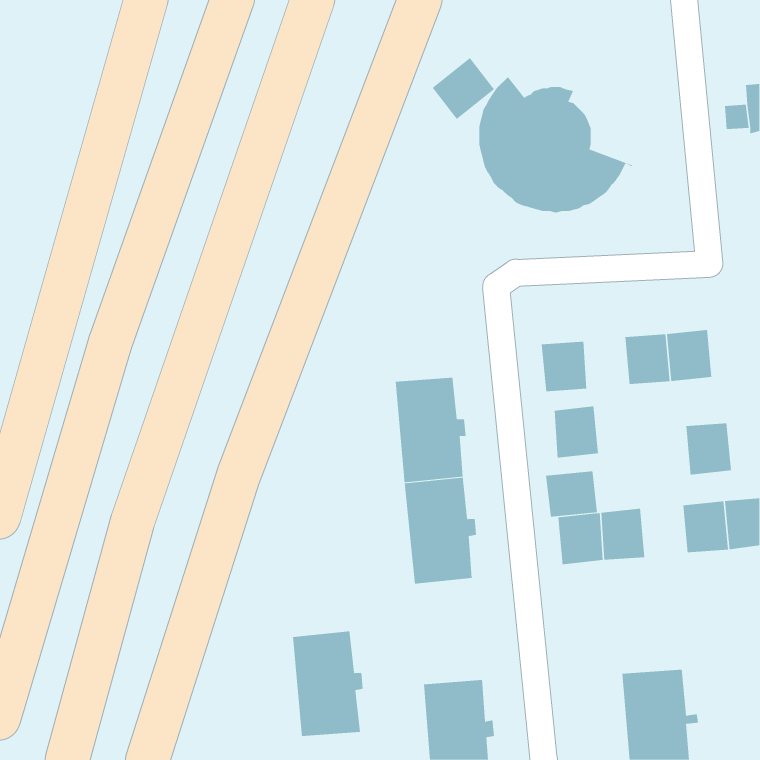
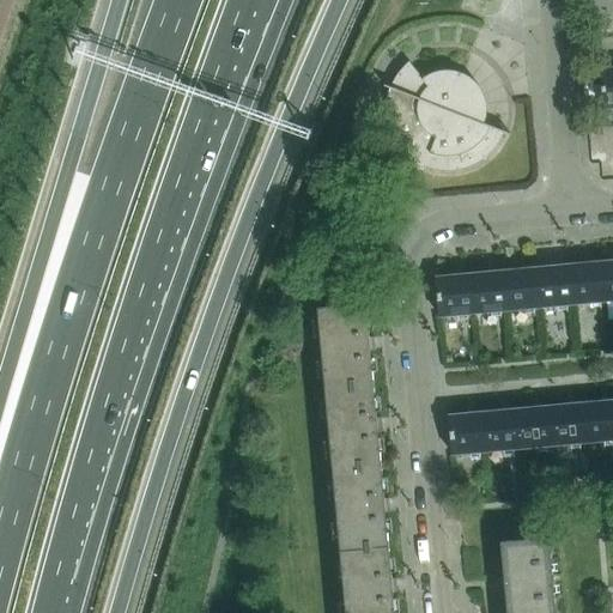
building: [432,57,495,120] -> none
building: none -> [569,262,606,303]
building: [554,406,599,458] -> [469,271,505,312]
building: [685,423,732,475] -> [515,406,552,448]
building: [545,471,598,517] -> none
building: [292,631,364,737] -> [333,465,390,550]

